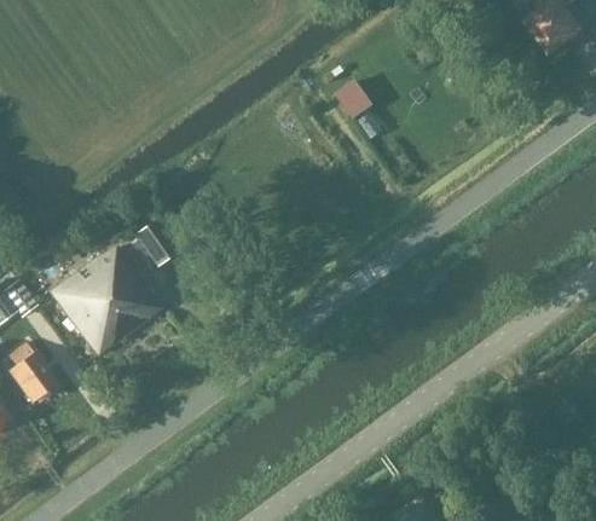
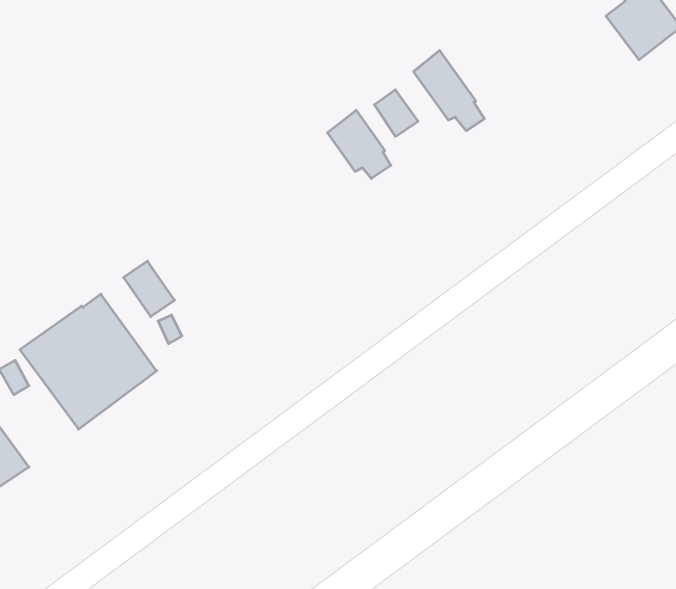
building: none -> [414,50,484,131]
building: none -> [327,110,391,179]

